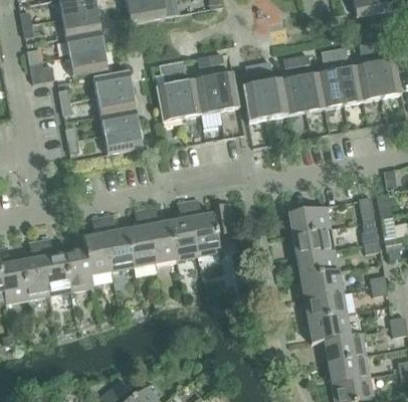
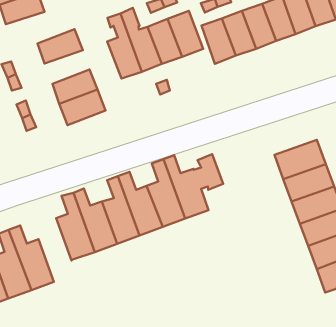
building: [69,49,109,75] -> none
building: [96,89,136,115] -> none
building: [64,230,93,291] -> none

